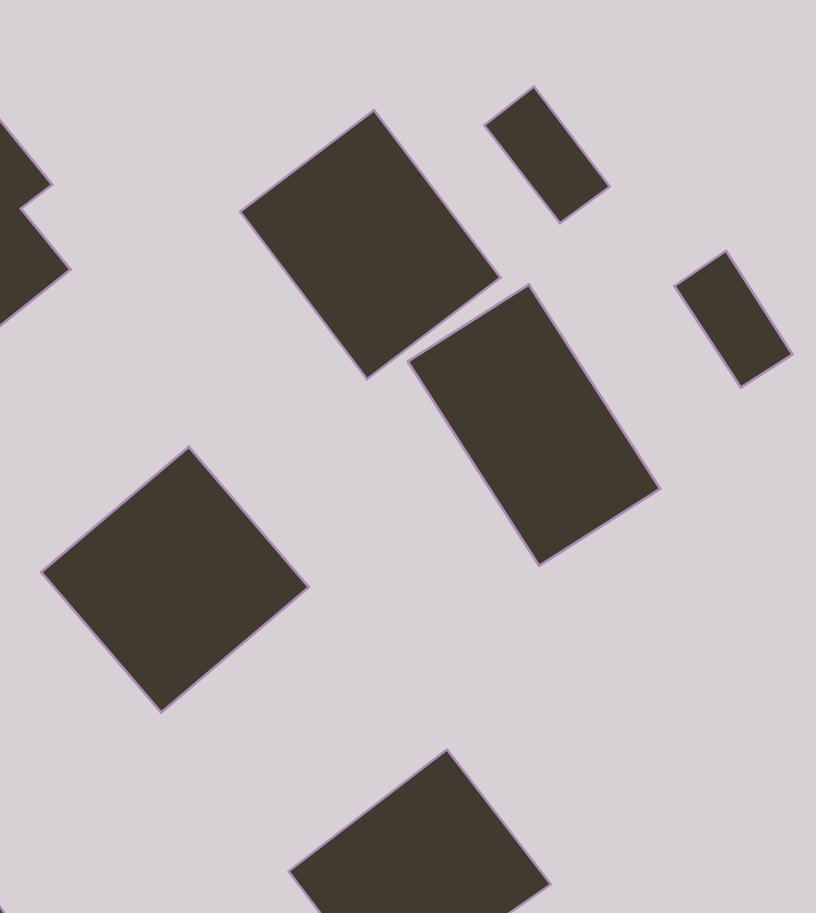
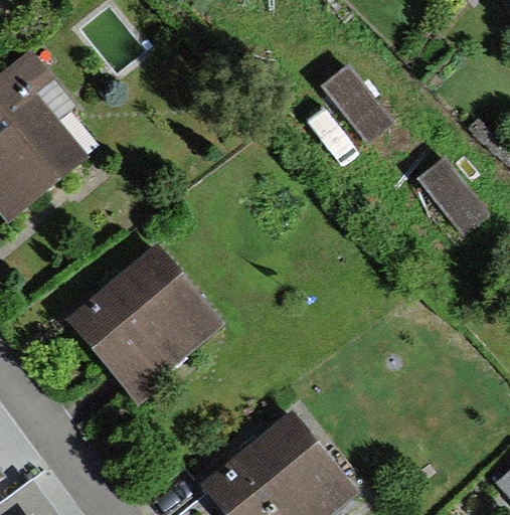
building: [240,110,501,379] -> none
building: [408,284,660,566] -> none

